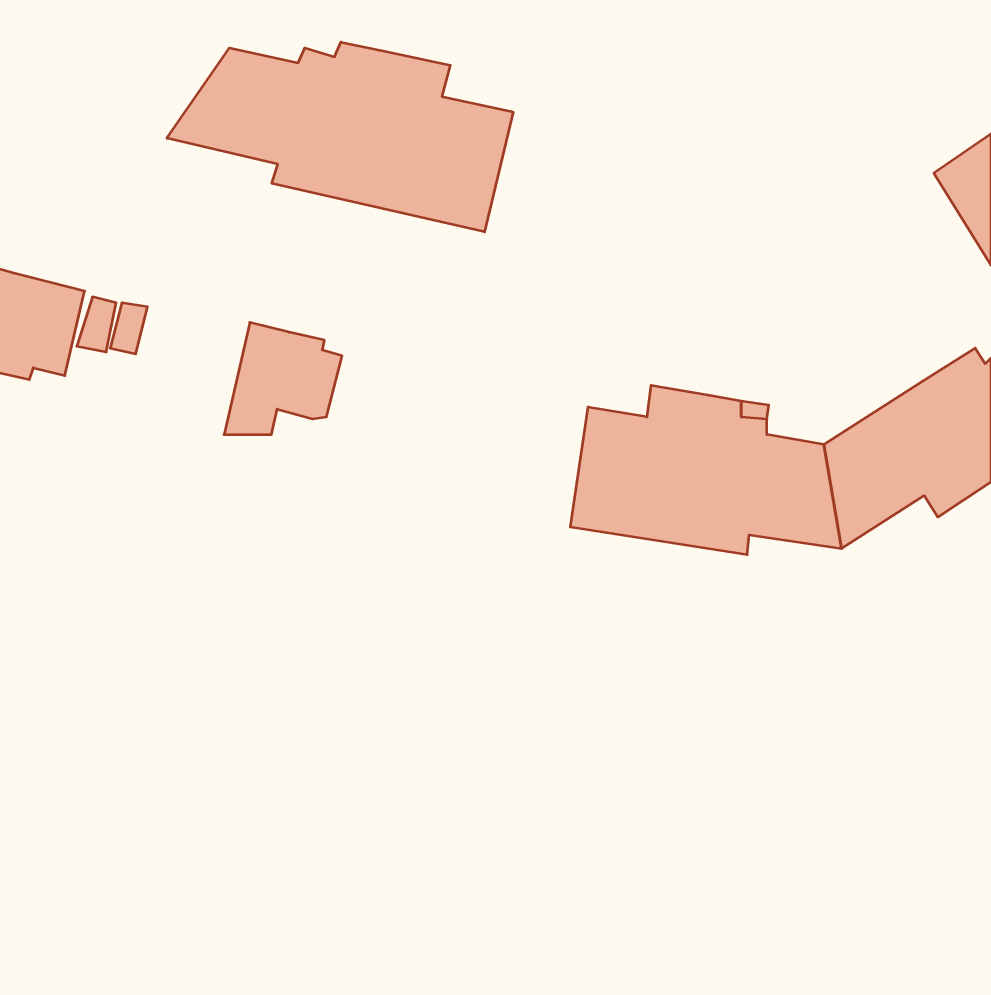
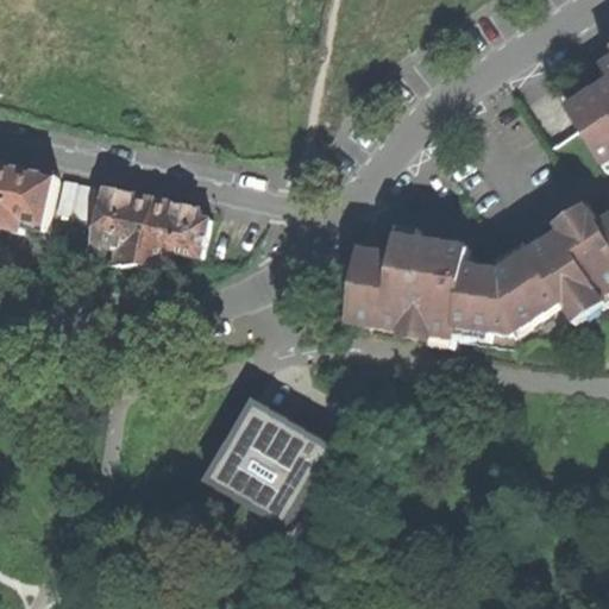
building: [167,42,513,232] -> none
building: none -> [87,183,150,263]
building: none -> [203,401,327,528]

